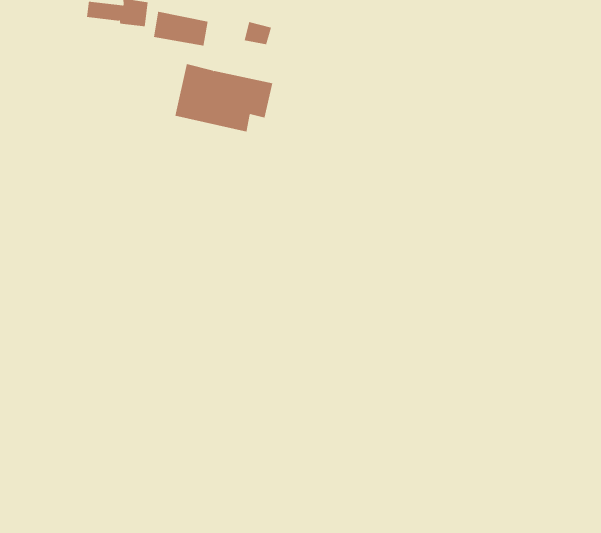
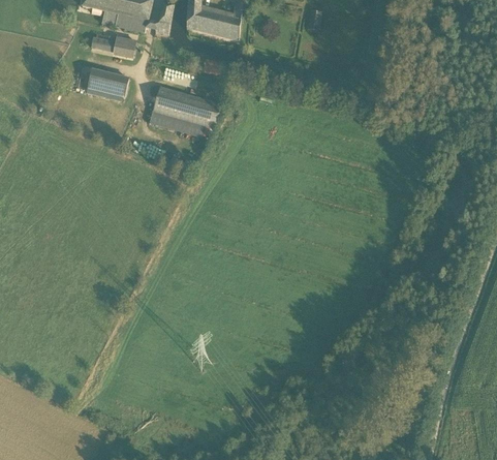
building: [153,11,208,46] -> [88,68,128,95]

